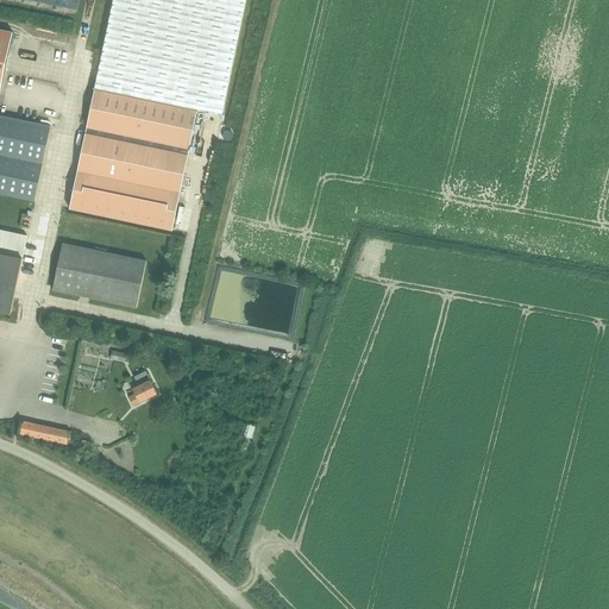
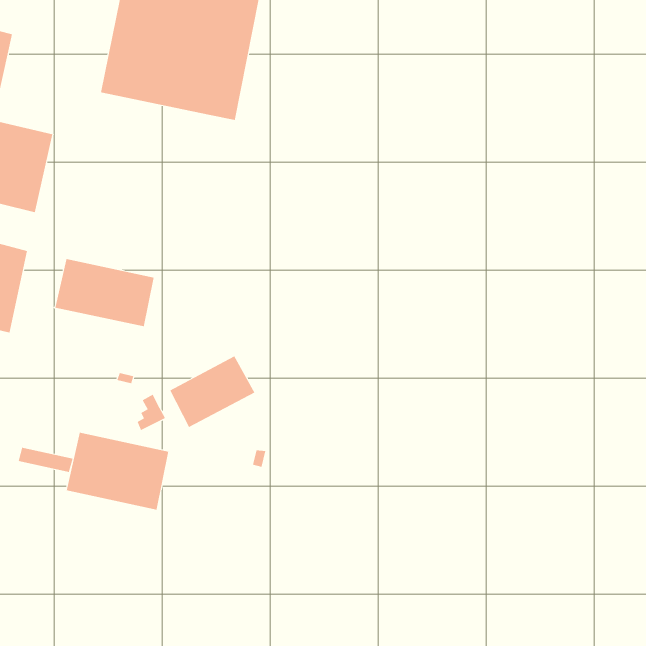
building: [69,87,196,230] -> none
building: none -> [169,356,255,428]
building: none -> [66,432,169,511]

